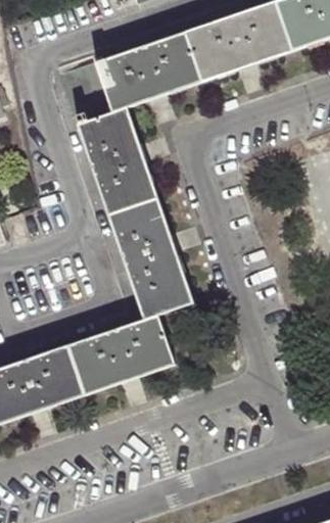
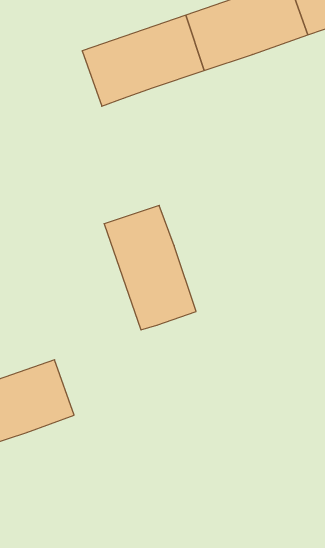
building: [79,108,159,220] -> none
building: [66,310,174,389] -> none

